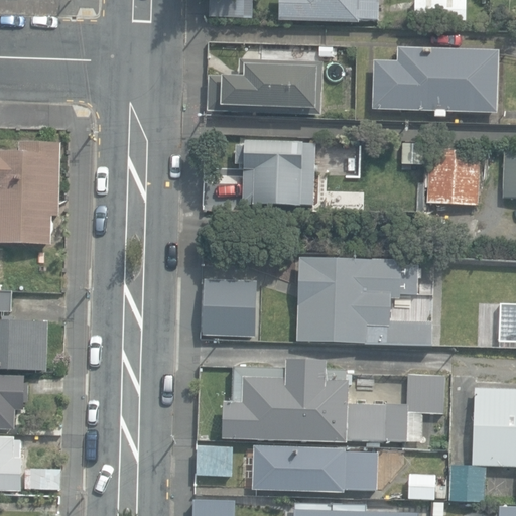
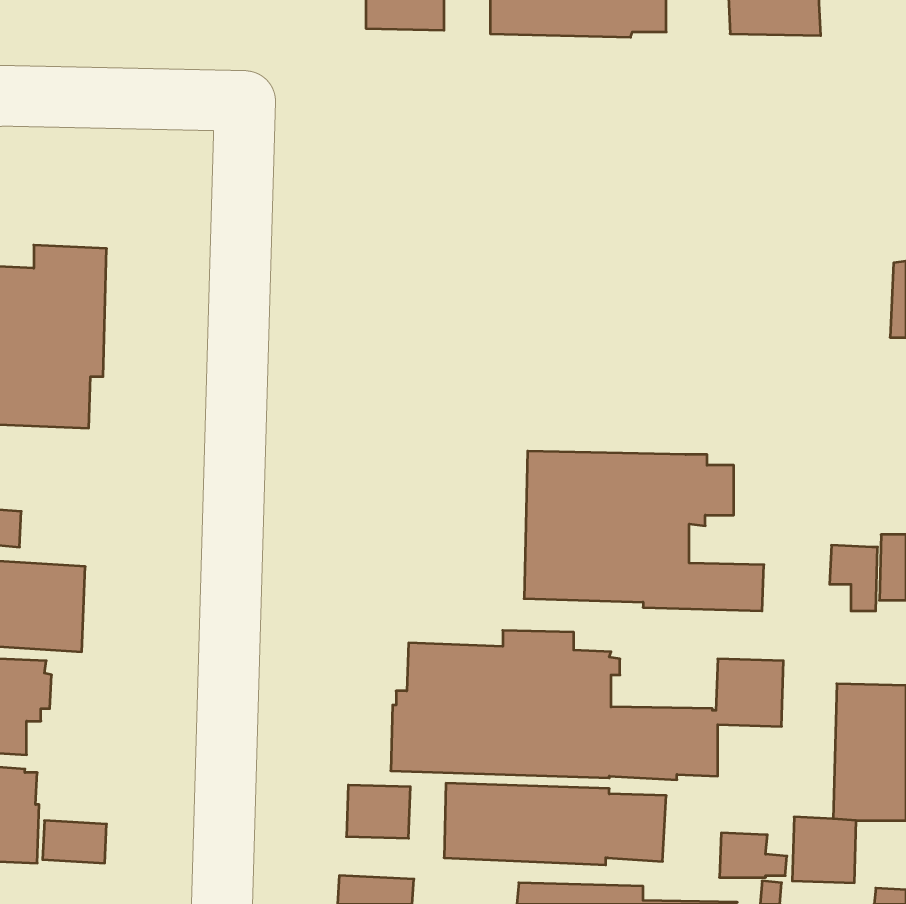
building: [372,45,499,117] -> none
building: [208,58,322,114] -> none
building: [236,141,314,204] -> none
building: [427,149,480,205] -> none
building: [201,276,256,334] -> none

